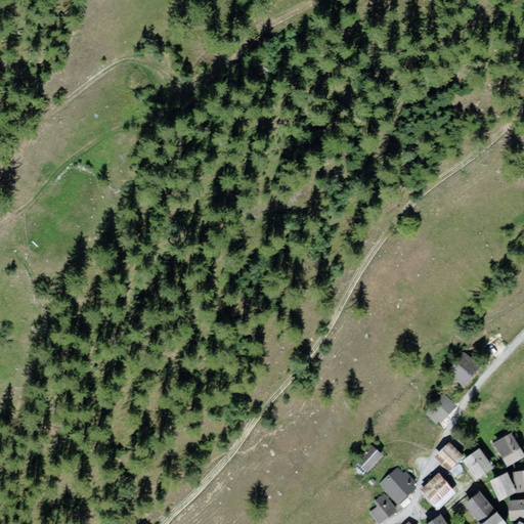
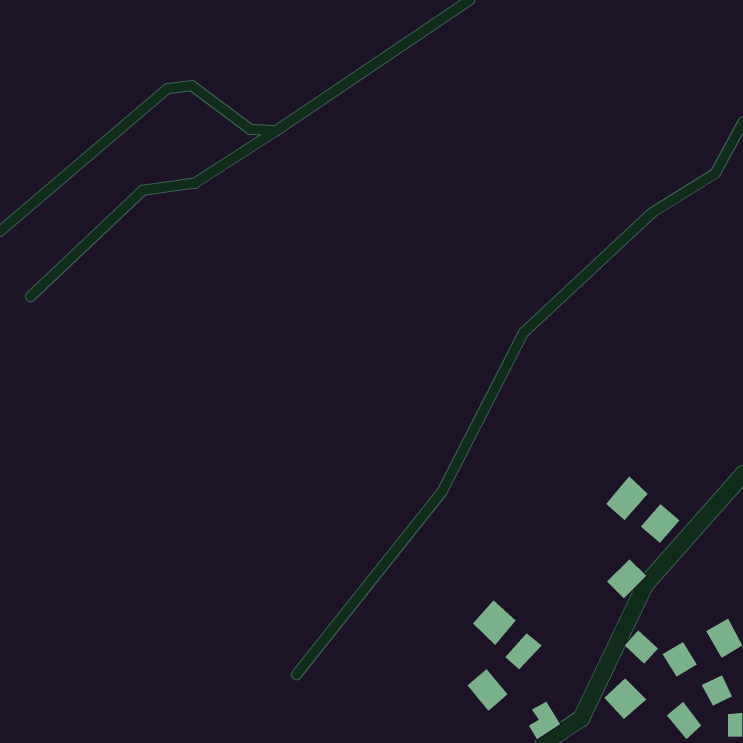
building: none -> [605,475,648,521]
building: none -> [472,600,517,646]
building: [381,471,410,501] -> [466,668,509,712]

